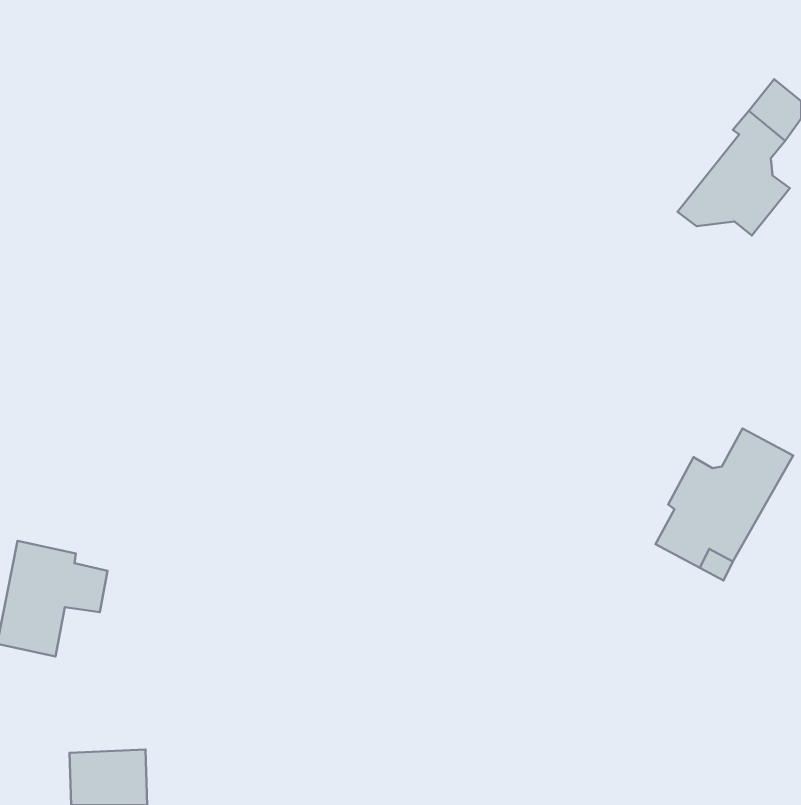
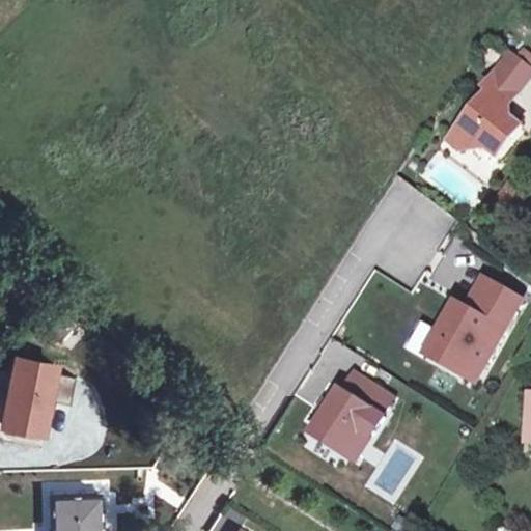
building: none -> [312,372,393,460]

